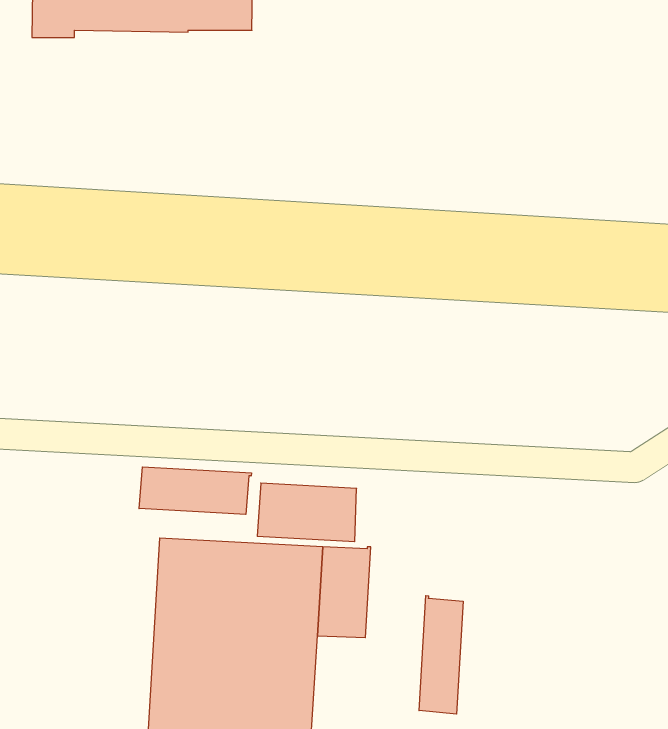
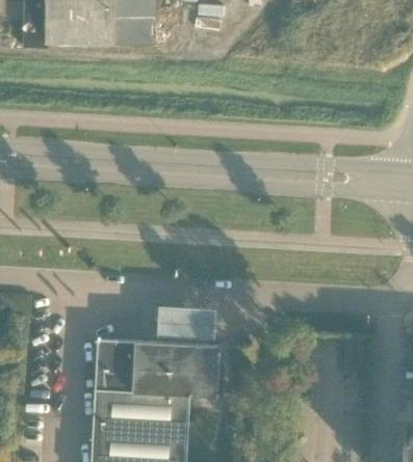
building: [139,467,251,514] -> none
building: [419,596,463,714] -> none

